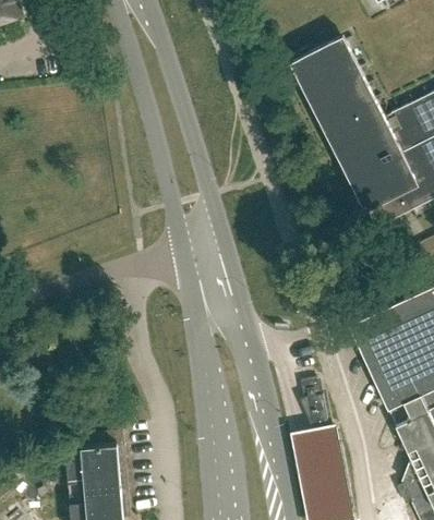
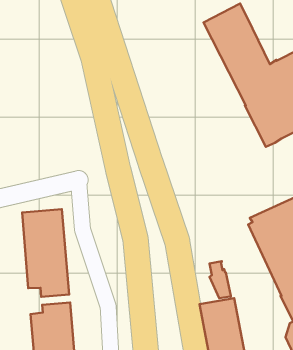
building: none -> [22,209,69,297]

